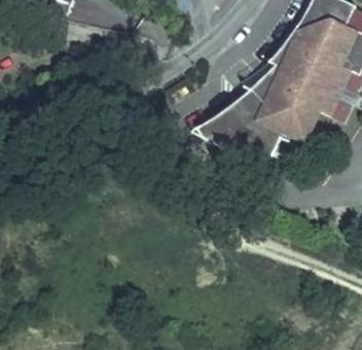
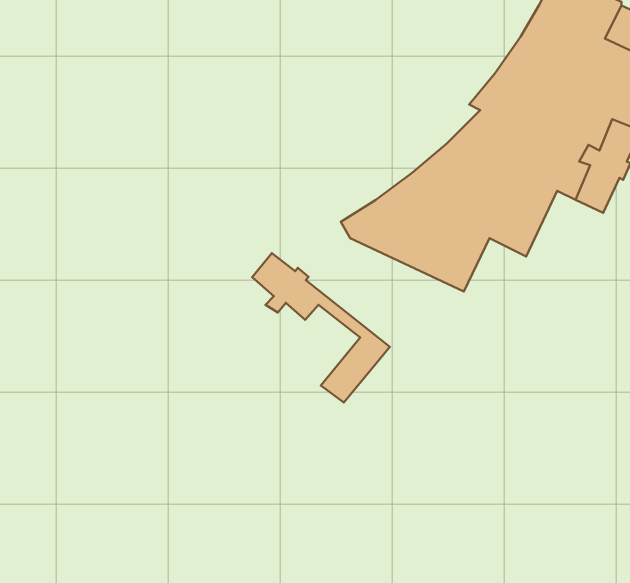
building: none -> [252,253,390,402]

